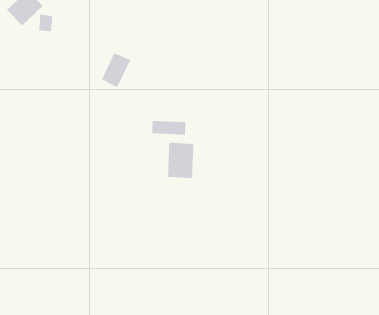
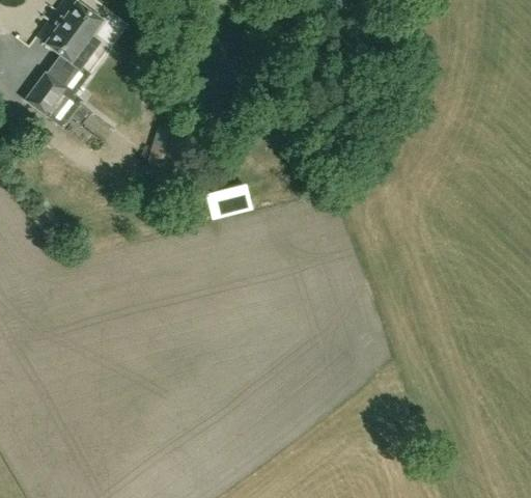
building: [167,142,194,179] -> none

